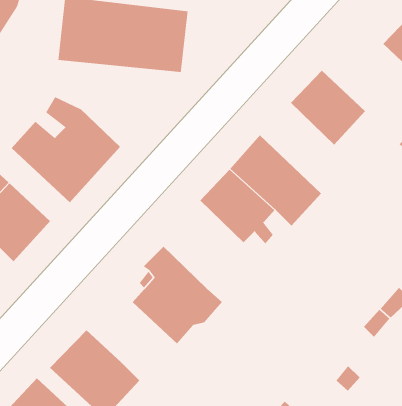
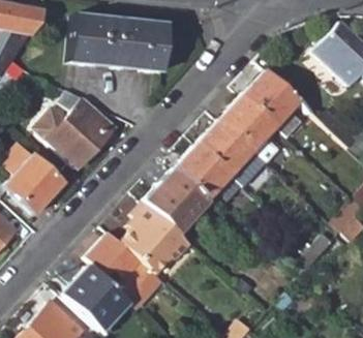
building: none -> [220,93,278,161]
building: none -> [145,166,211,233]
building: none -> [87,229,163,308]

